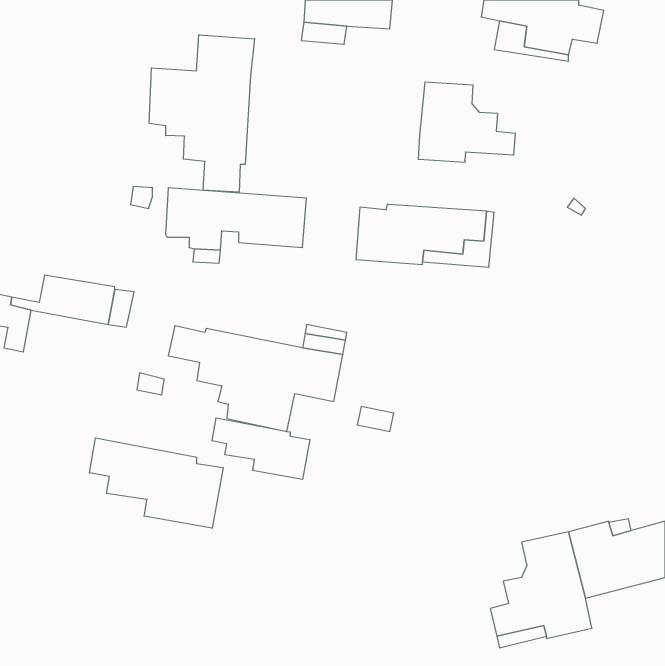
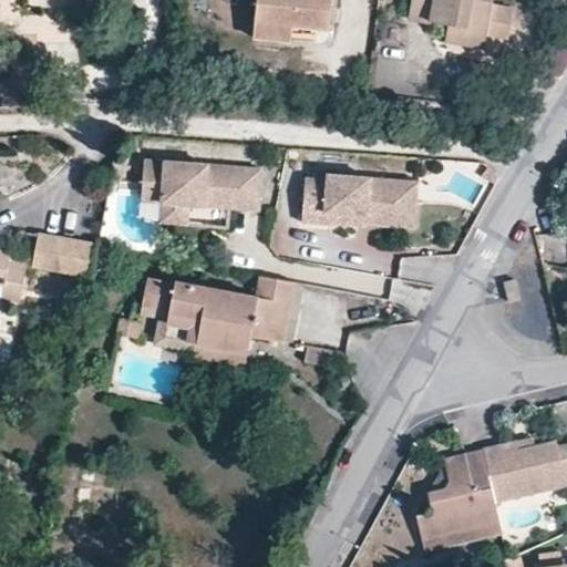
building: [149,35,255,192] -> none
building: [418,82,515,162] -> none
building: [212,418,310,479] -> none
building: [90,438,223,528] -> none

